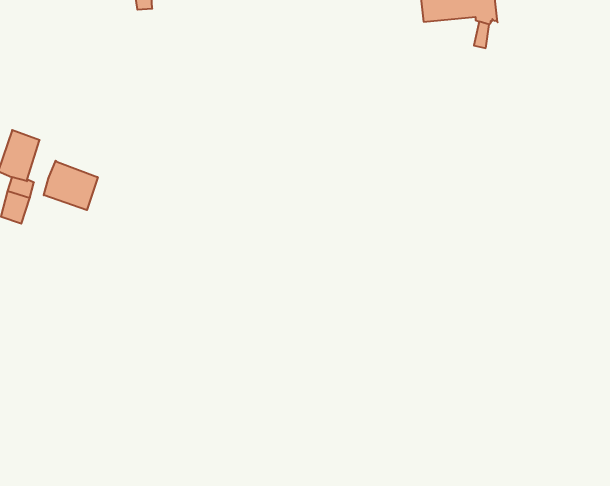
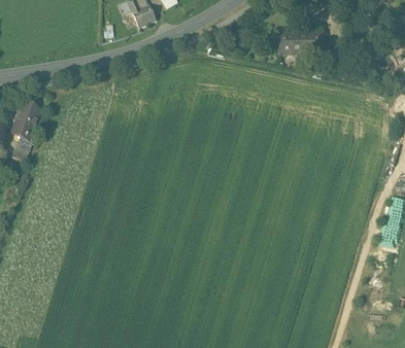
building: [44,161,98,210] -> none

